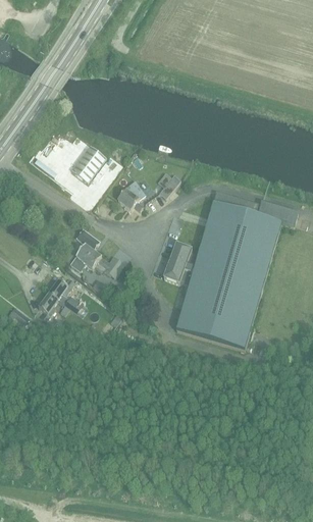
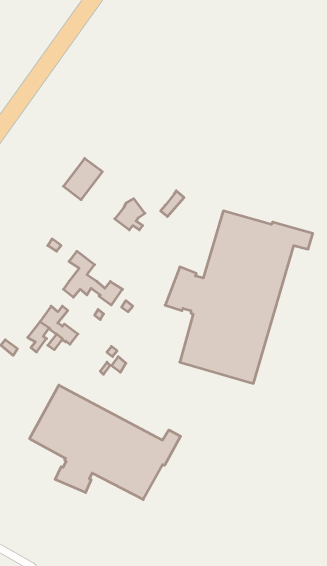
building: none -> [30,385,181,500]

